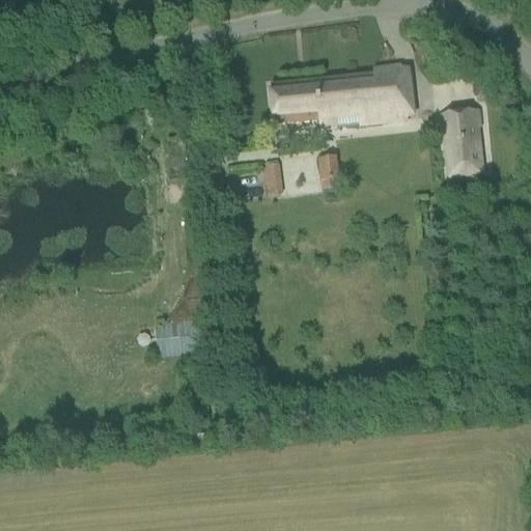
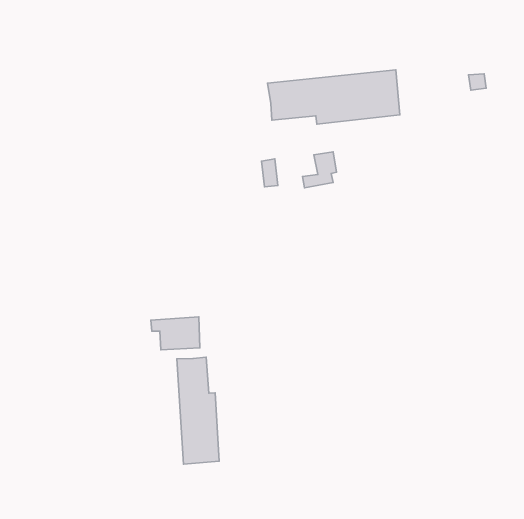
building: [446,109,482,169] -> none
building: none -> [177,357,219,464]

